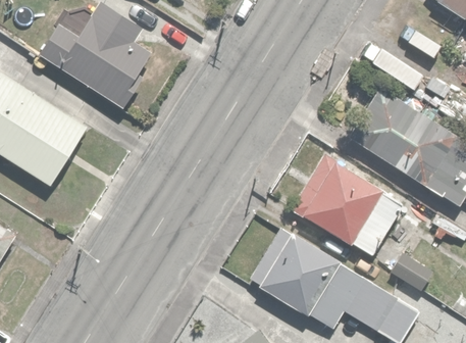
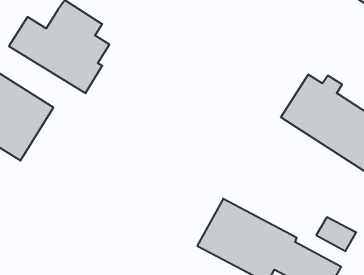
building: [290,151,407,258] -> none

